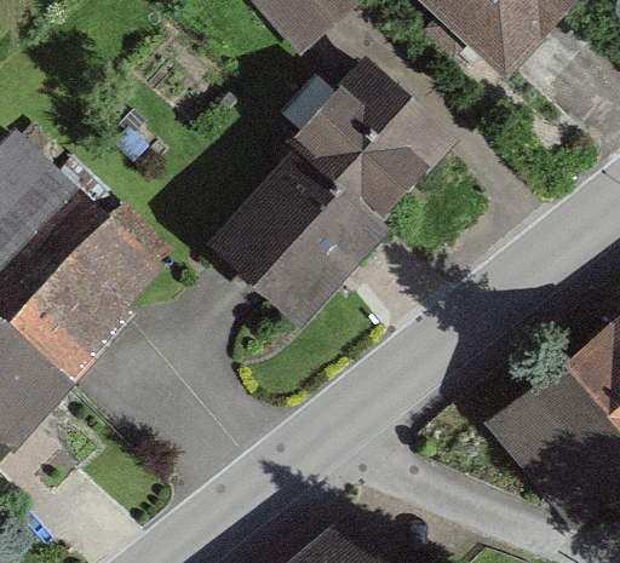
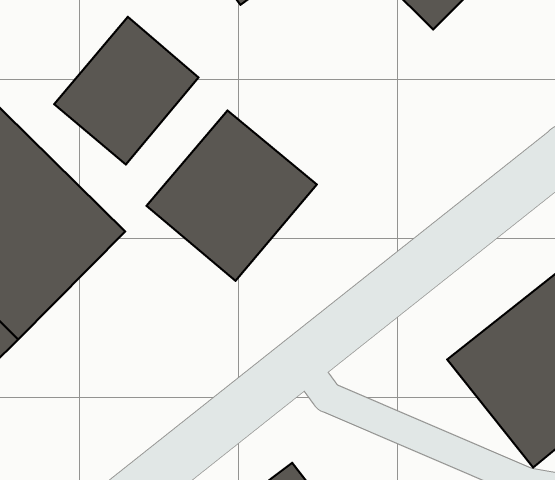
building: [277,58,453,234] -> none
building: none -> [54,17,199,164]

